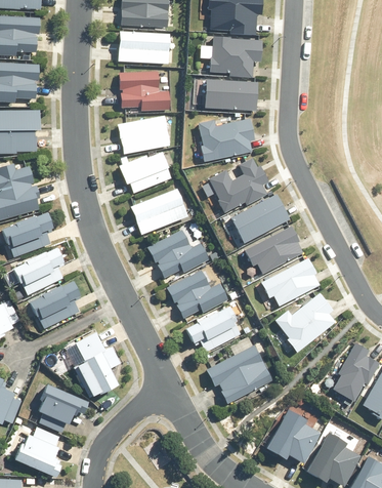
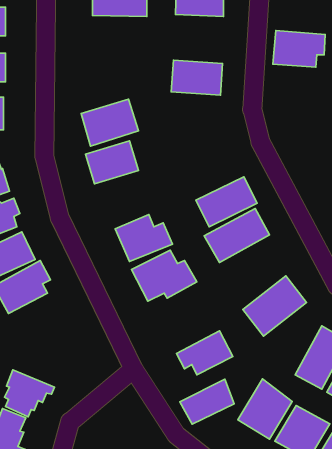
building: [211,35,263,72] -> [273,30,325,67]
building: [119,37,177,72] -> none
building: [121,79,175,114] -> none
building: [195,114,256,160] -> none
building: [209,154,269,211] -> none
building: [131,193,188,240] -> none
building: [256,257,322,310] -> none
building: [186,309,241,354] -> [180,379,234,424]
building: [75,332,120,399] -> none

